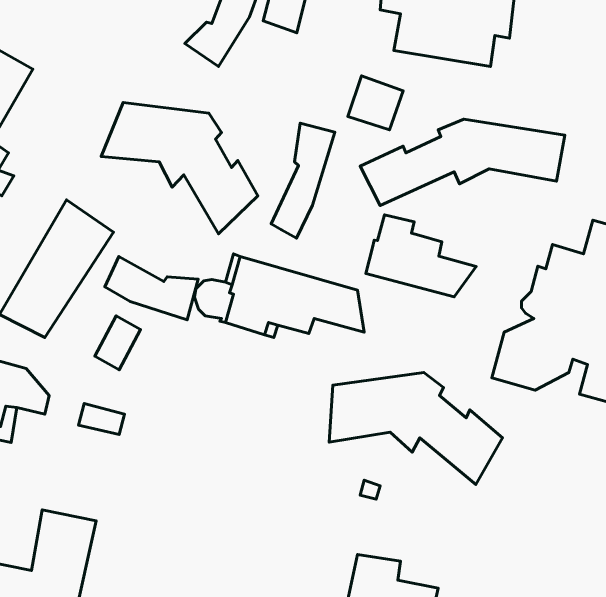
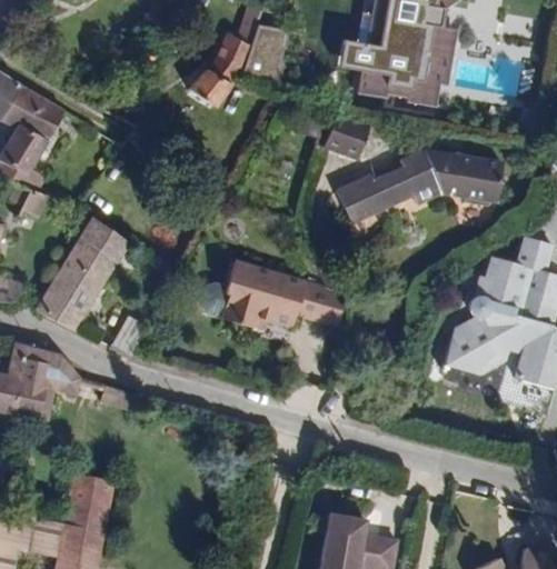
building: [101,103,258,234] -> none
building: [271,123,335,238] -> none
building: [366,215,476,297] -> none
building: [105,257,198,320] -> none
building: [329,372,502,484] -> none

